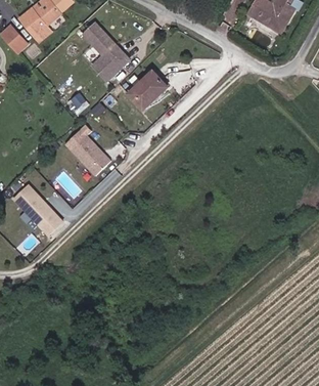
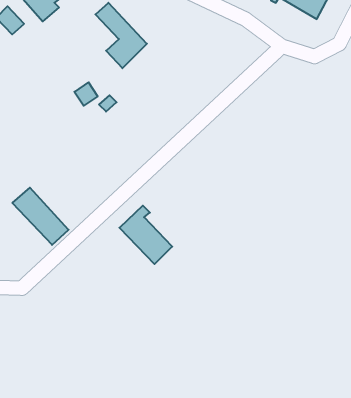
building: [130,71,170,110] -> none
building: [65,125,111,176] -> [119,206,172,264]

